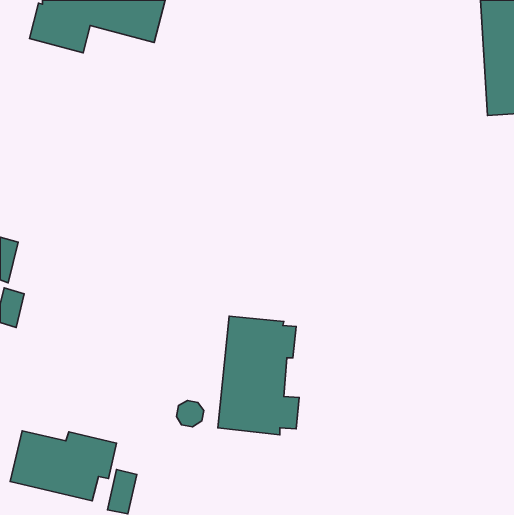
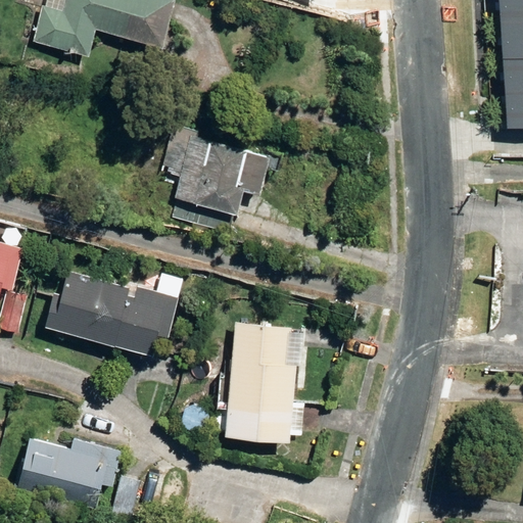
building: none -> [162,124,268,233]
building: none -> [44,272,182,353]

